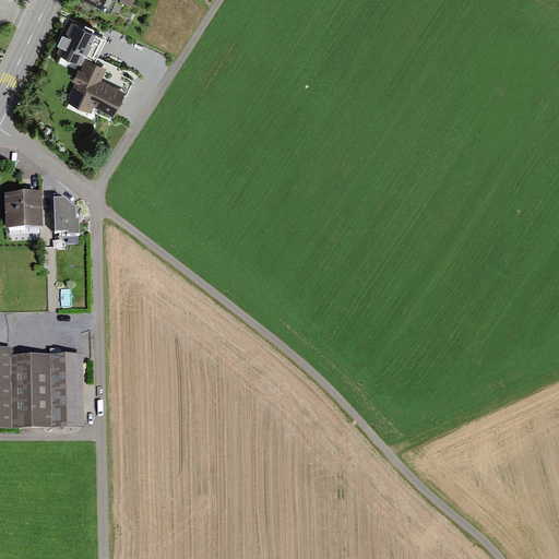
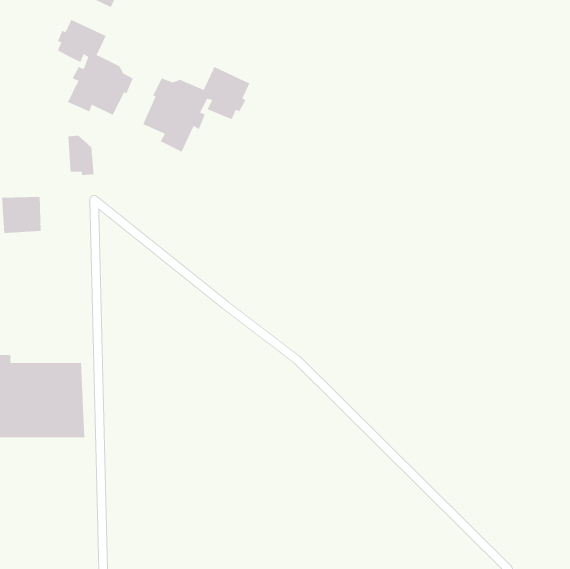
building: none -> [143,66,250,152]
building: [50,194,76,234] -> [68,135,94,176]

